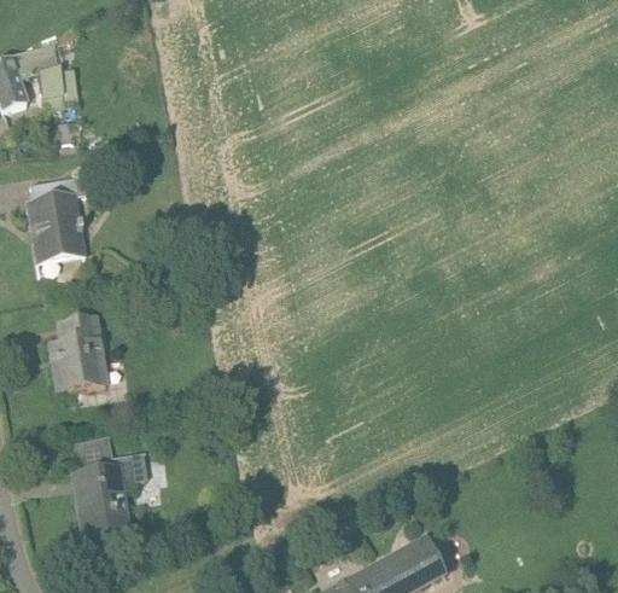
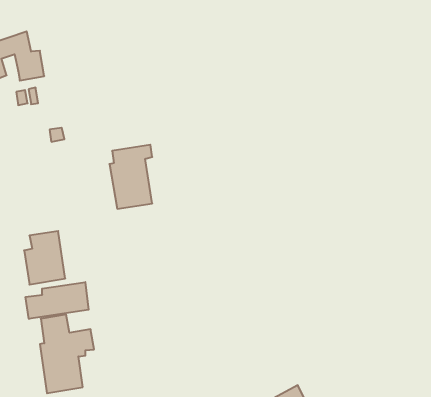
building: [25,178,84,266] -> [109,145,152,209]
building: none -> [26,282,89,319]

